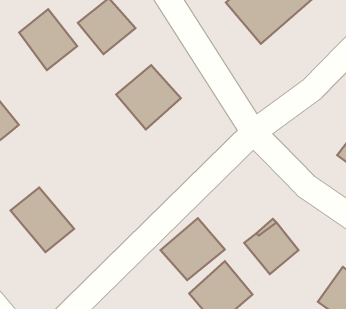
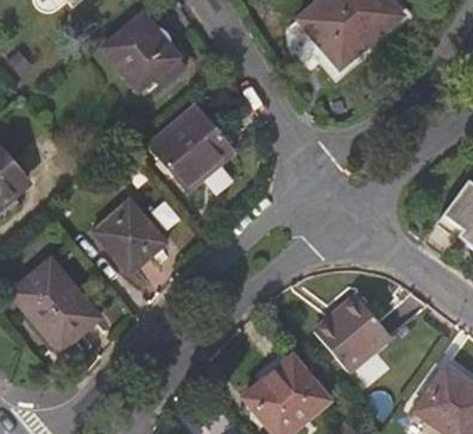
building: [19,9,77,70] -> none
building: none -> [99,197,170,270]
building: [161,218,225,280] -> none

